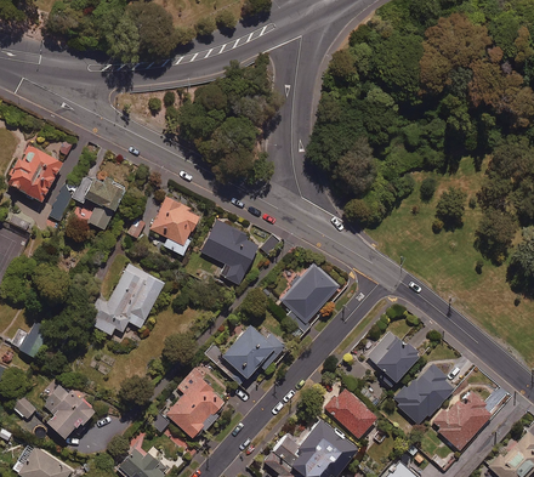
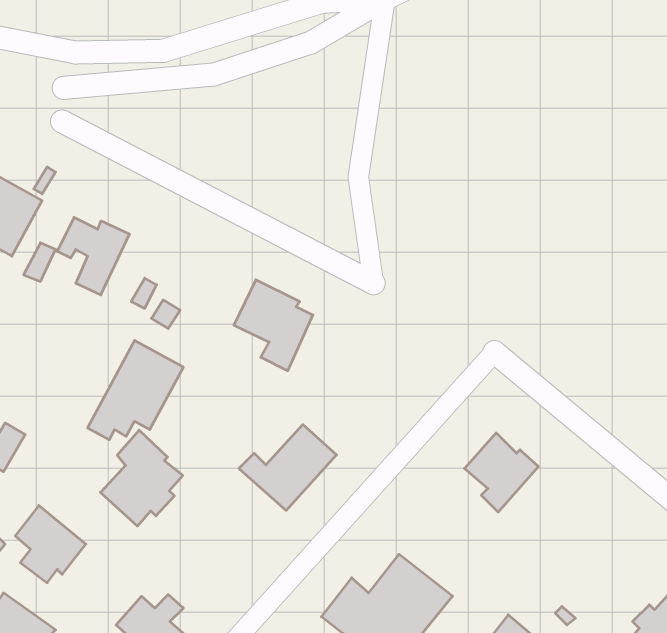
building: [149,197,200,256] -> none
building: [279,263,339,324] -> none
building: [391,360,455,426] -> none
building: [165,369,225,438] -> [100,430,183,526]
building: [325,387,377,438] -> none
building: [430,390,492,452] -> none

